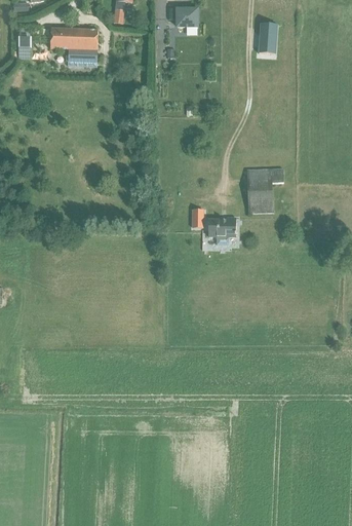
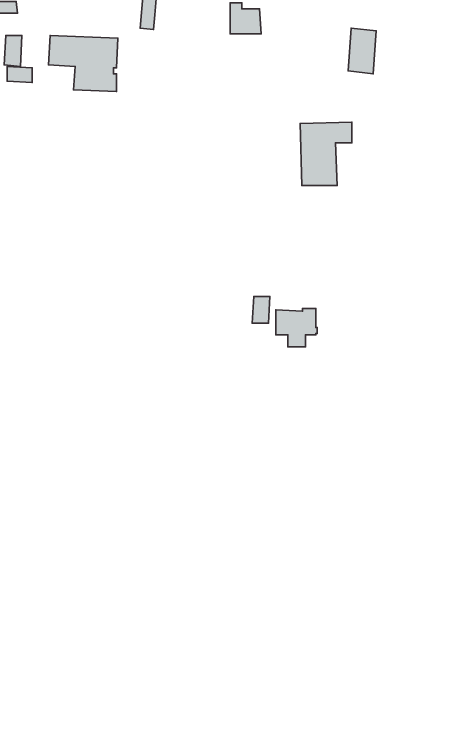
building: [247,167,283,212] -> [300,122,352,185]

